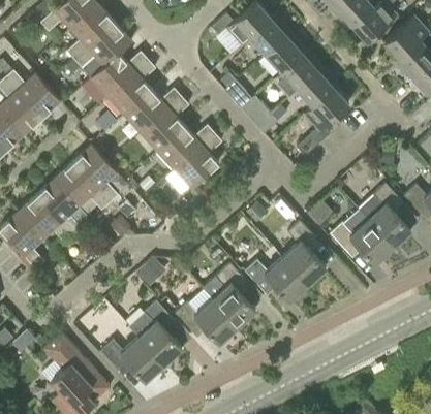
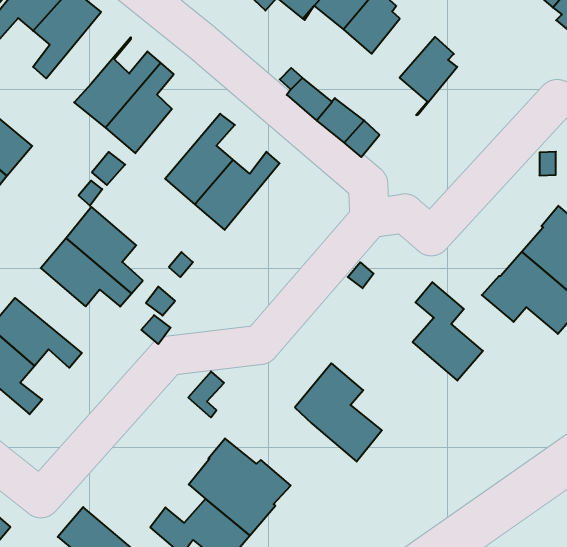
building: [74,23,131,68] -> none
building: [273,53,322,97] -> none
building: [298,88,348,157] -> none
building: [124,89,181,133] -> none
building: [174,133,222,189] -> none
building: [36,179,82,235] -> none
building: [245,257,307,301] -> none
building: [175,299,237,344] -> none

